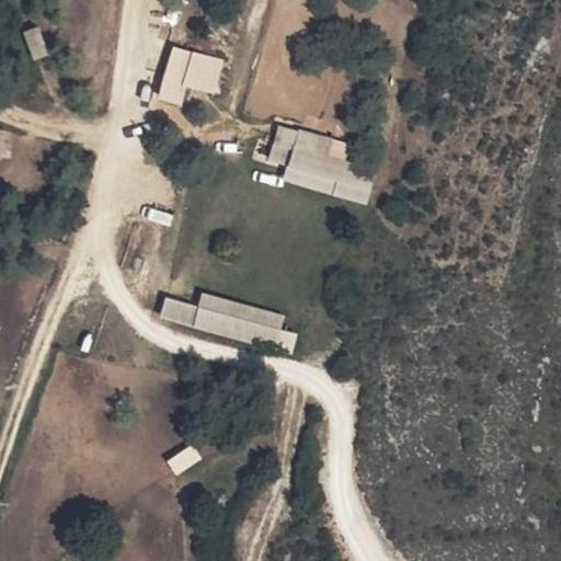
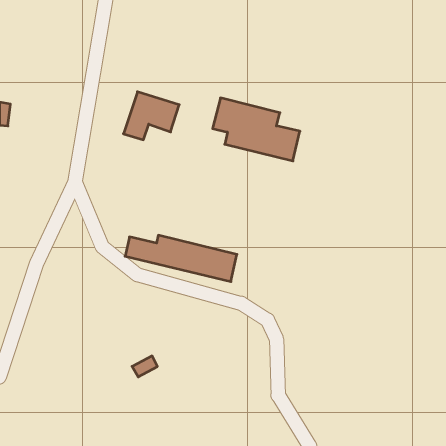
building: [154,44,225,104] -> [123,92,179,140]

